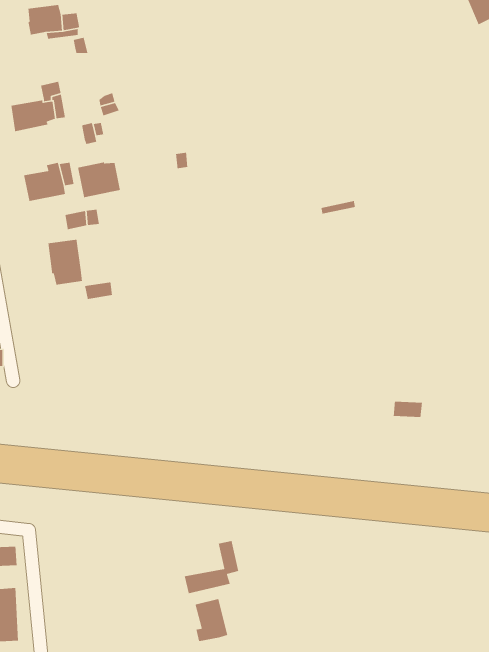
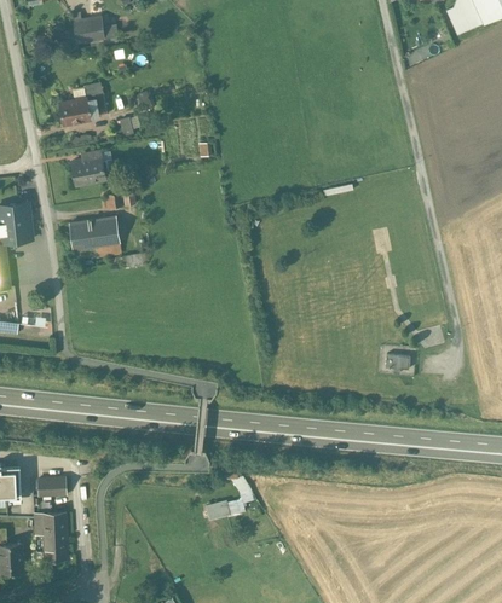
building: [77,162,121,198] -> none
building: none -> [68,220,93,250]
building: [194,598,228,642] -> none

